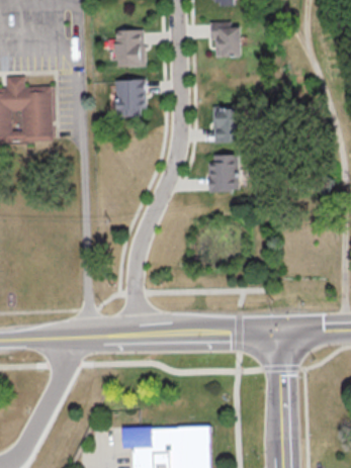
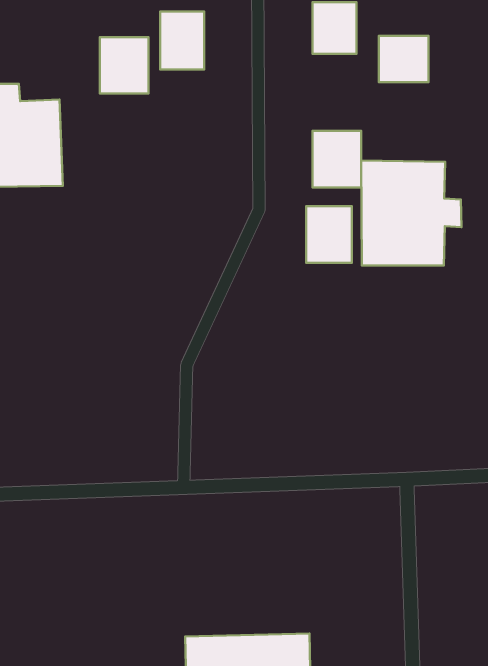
building: none -> [379,36,428,82]
building: [115,79,147,115] -> [100,37,149,94]
building: none -> [361,160,462,266]

